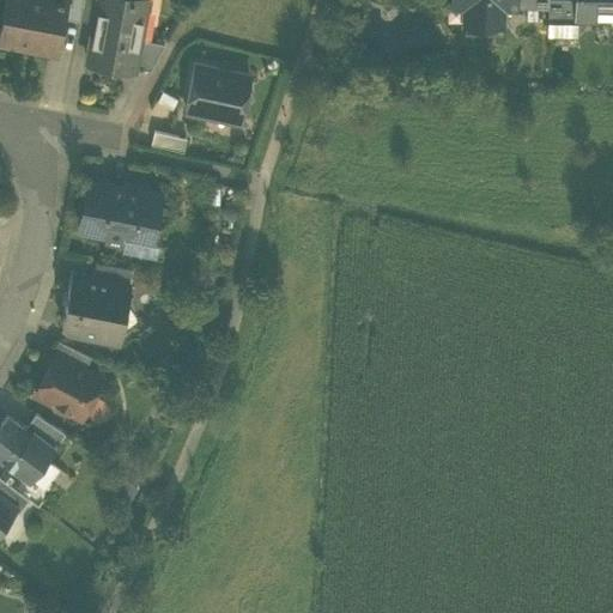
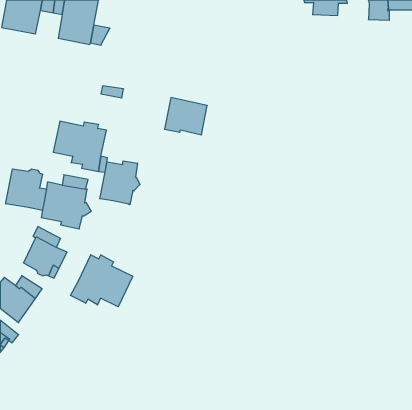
building: [187,67,250,122] -> [164,98,207,135]
building: none -> [100,161,140,205]
building: none -> [6,169,46,211]
building: none -> [70,255,133,307]

